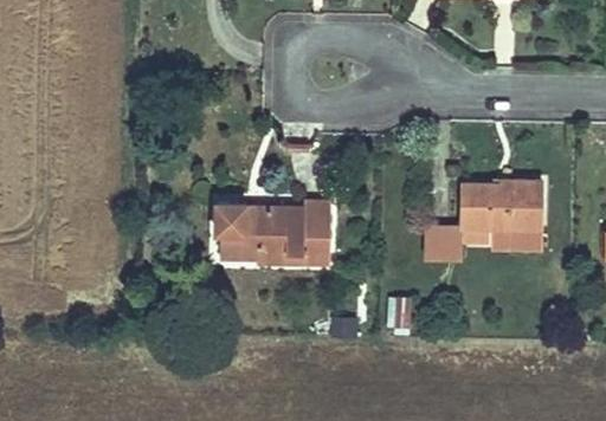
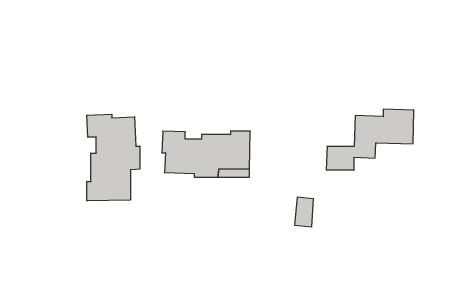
building: none -> [87,114,140,201]
building: [491,221,541,245] -> none

